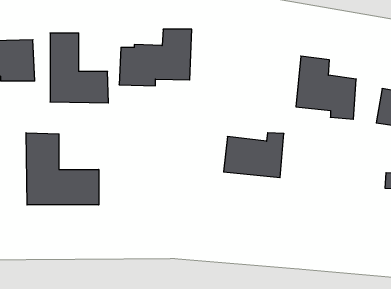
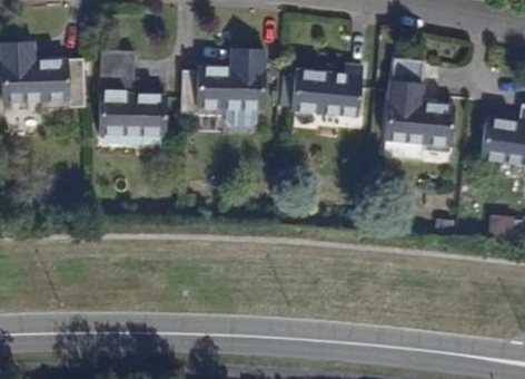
building: [224,133,284,178] -> [294,62,364,115]
building: [26,133,99,205] -> none

